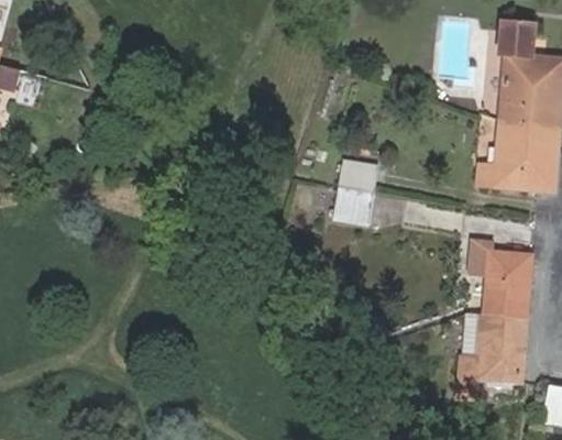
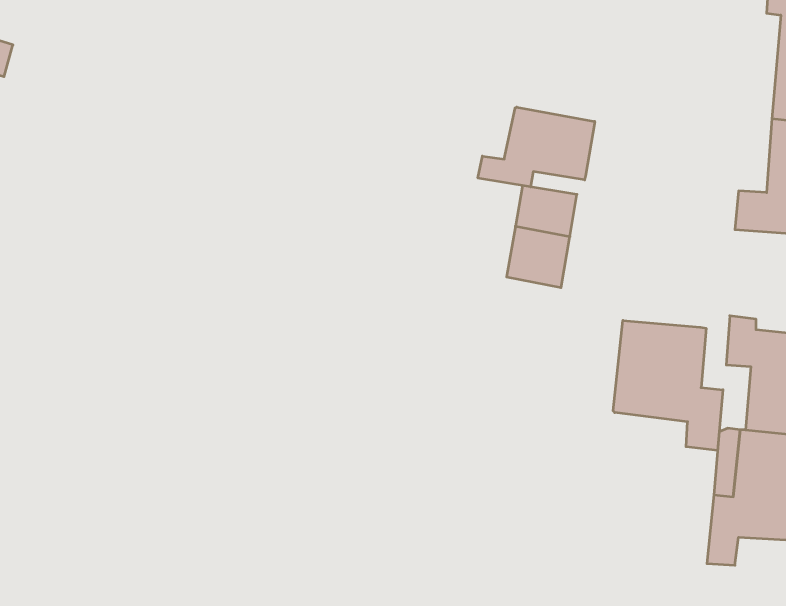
building: none -> [478,107,595,187]
building: none -> [613,320,723,451]

